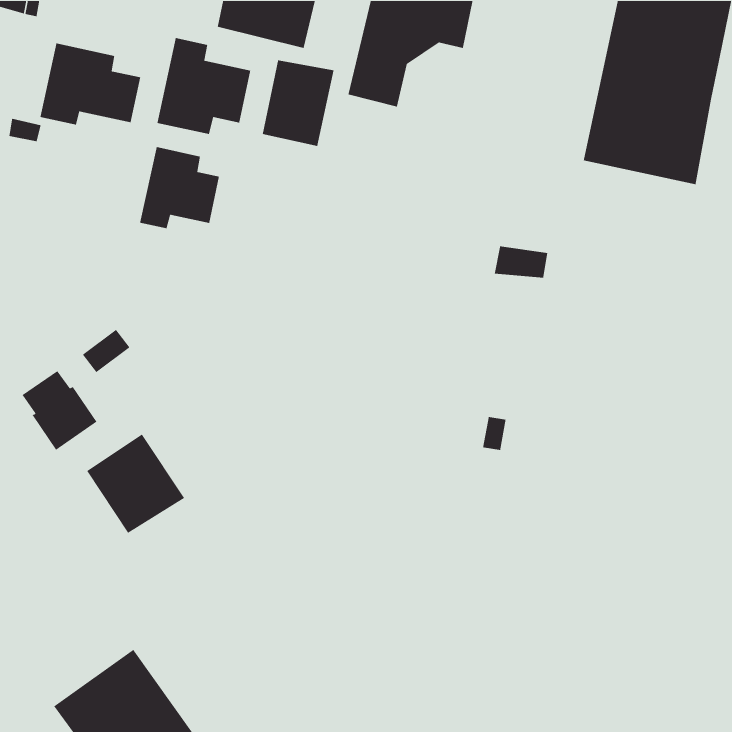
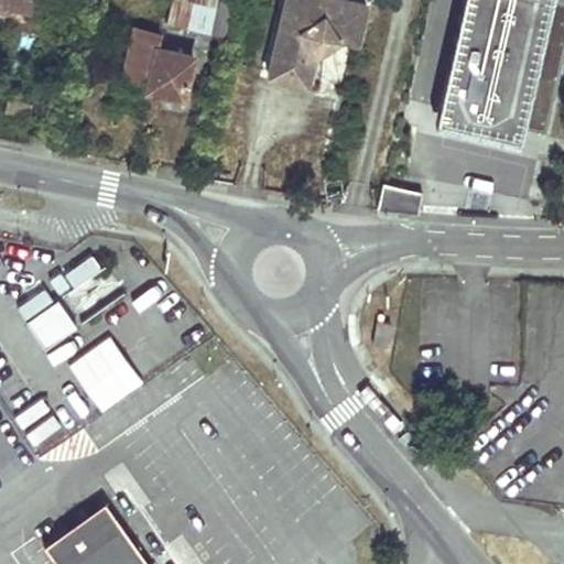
building: [40,43,141,126] -> none
building: [262,59,335,147] -> none
building: [139,146,220,229] -> none

